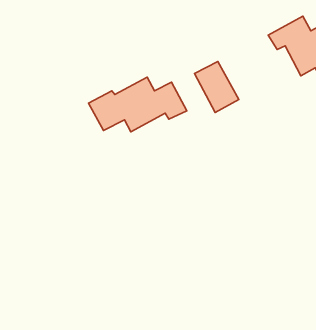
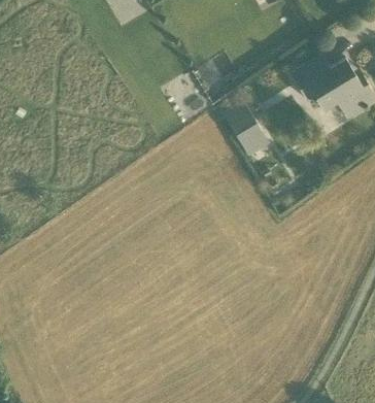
building: [88,77,187,132] -> none

